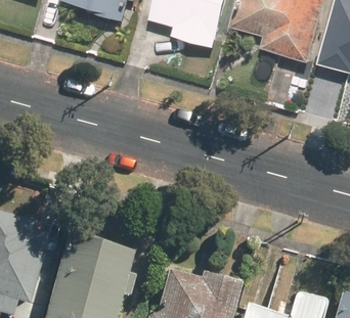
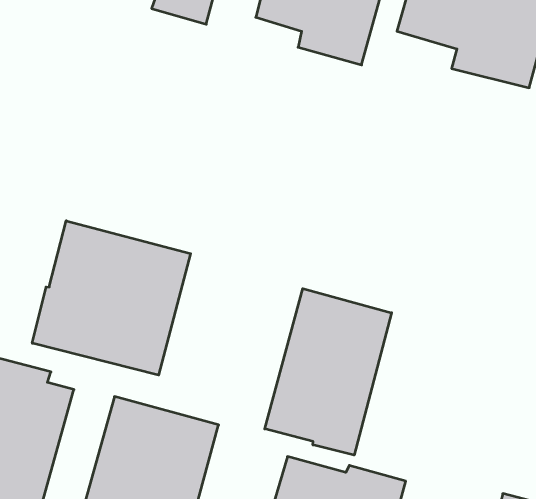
building: none -> [32,221,191,375]
building: none -> [265,289,392,455]

